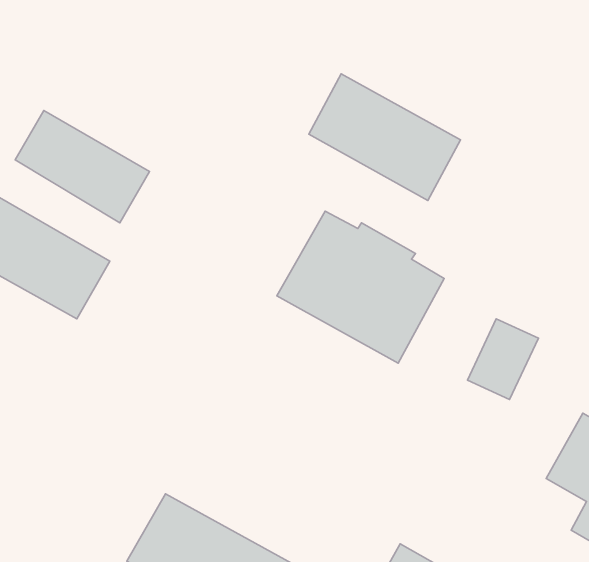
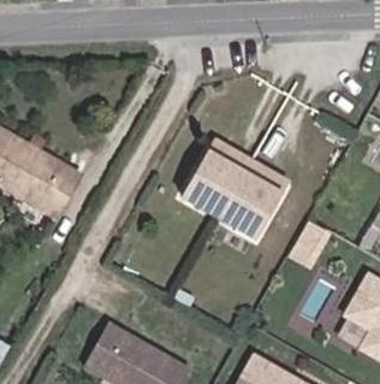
building: [309,74,460,200] -> none
building: [15,111,149,223] -> none

